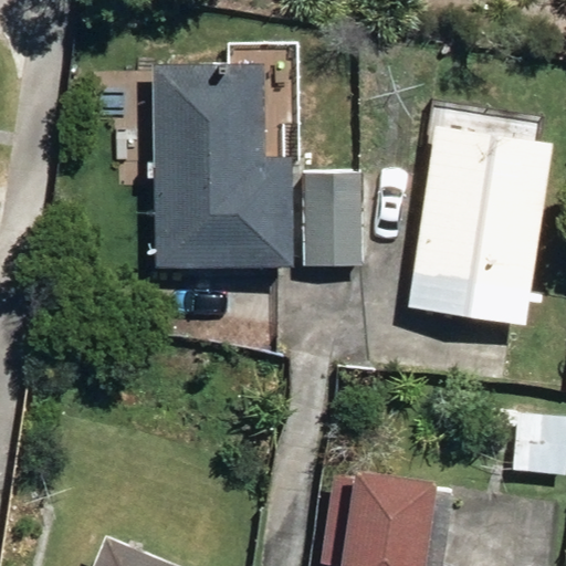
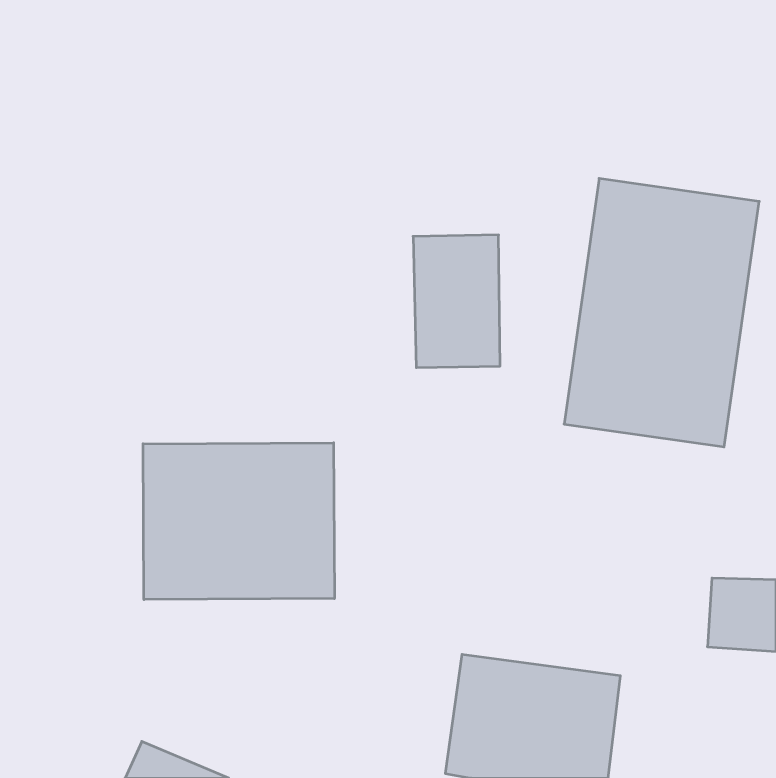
building: [156,65,290,266] -> none
building: none -> [143,443,334,600]

